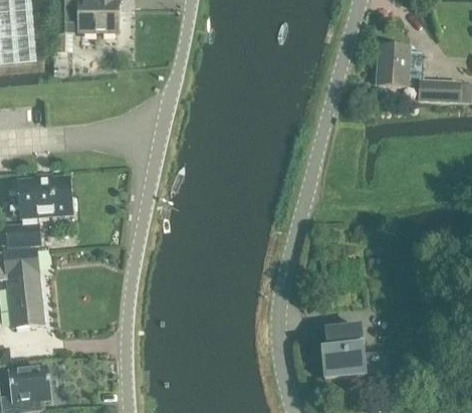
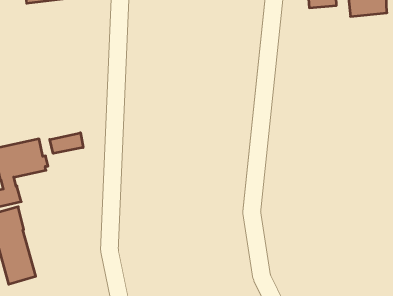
building: none -> [50,133,83,153]
building: [321,326,389,378] -> none

